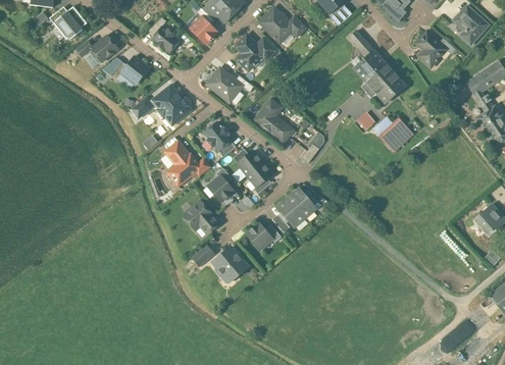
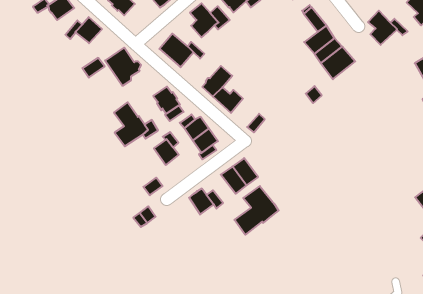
building: [381,119,412,150] -> none
building: [185,200,212,229] -> none
building: none -> [234,186,279,235]
building: [213,246,247,278] -> none

